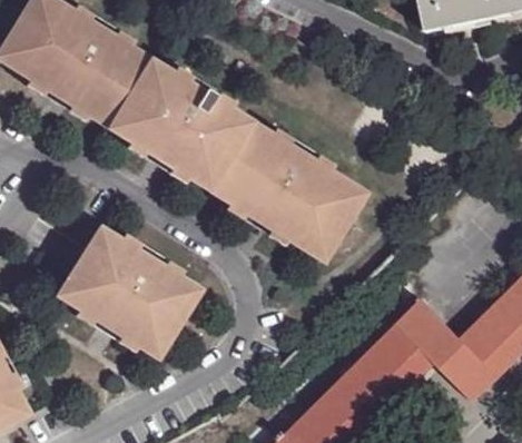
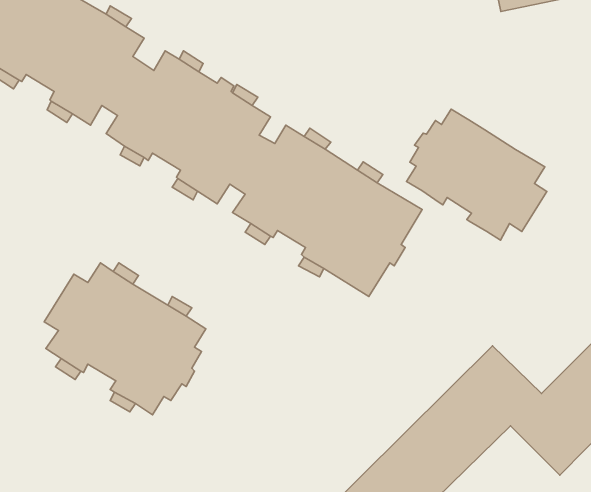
building: none -> [406,109,547,240]

